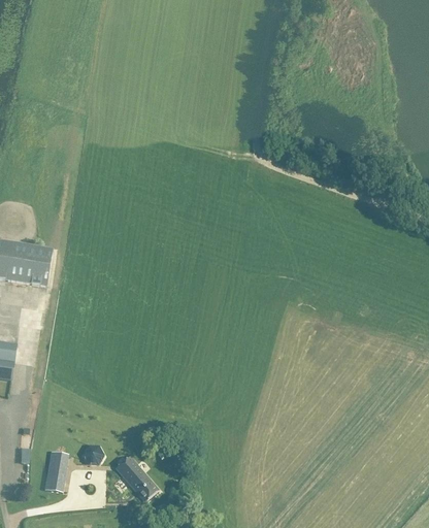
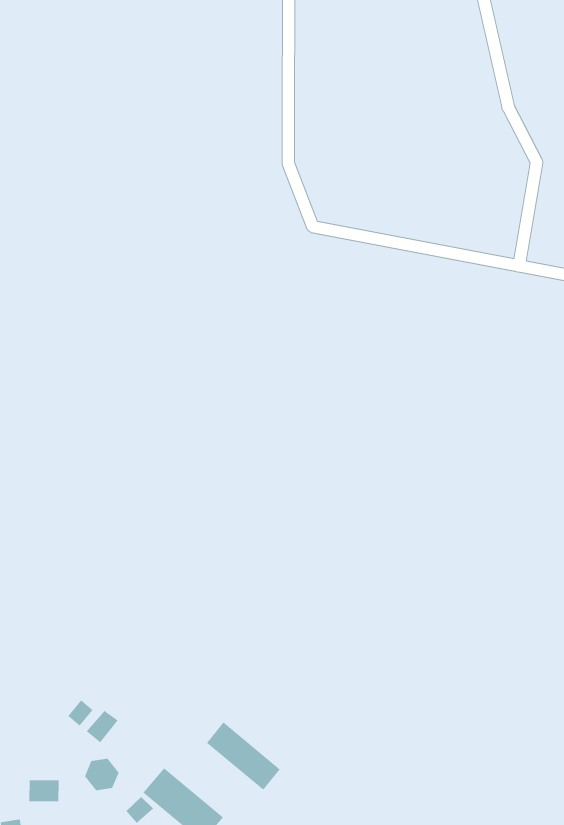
building: none -> [206,722,281,791]

